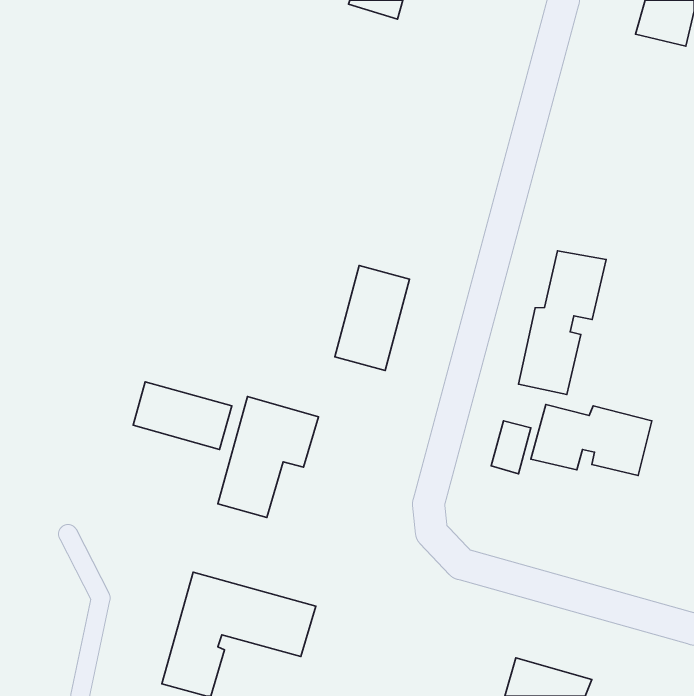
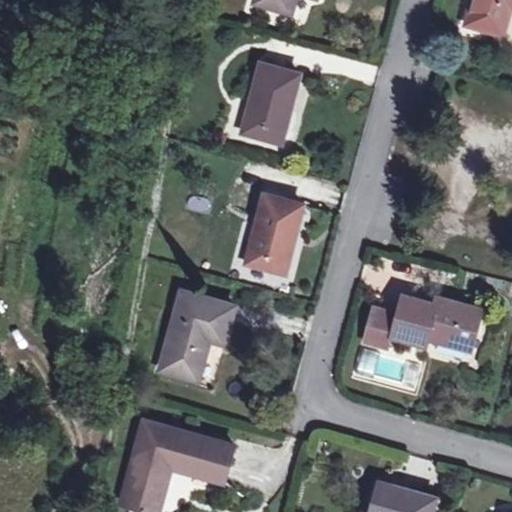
building: none -> [242,65,299,142]
building: [518,251,606,394] -> none
building: [133,382,232,449] -> none

